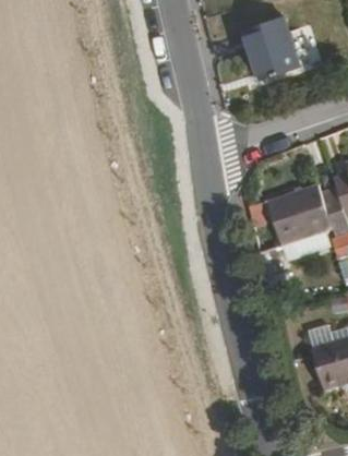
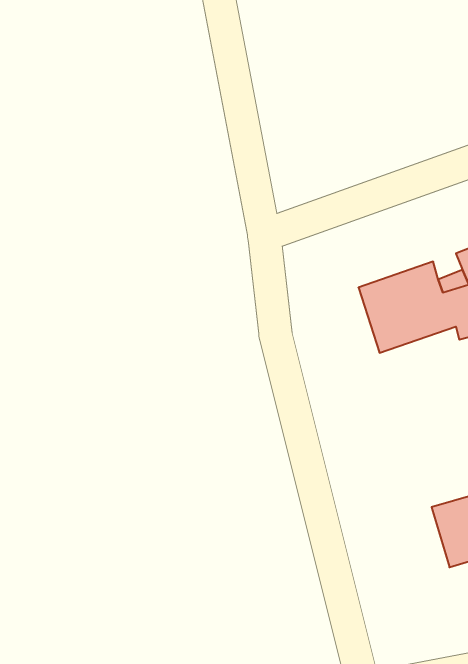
building: [244,16,298,77] -> none

